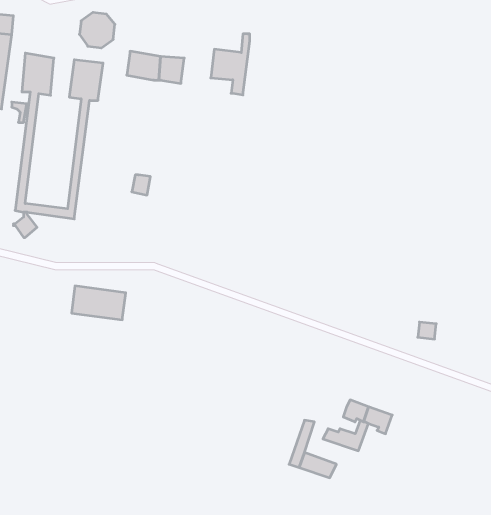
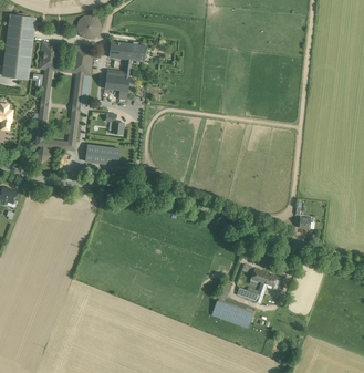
building: [211,34,250,95] -> [104,60,129,100]
building: [72,286,126,320] -> [84,144,119,166]

